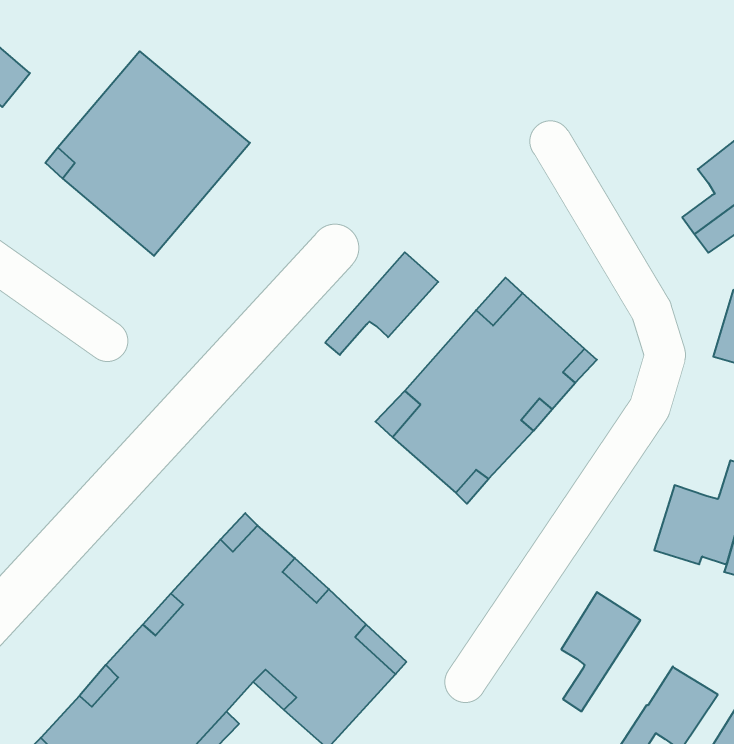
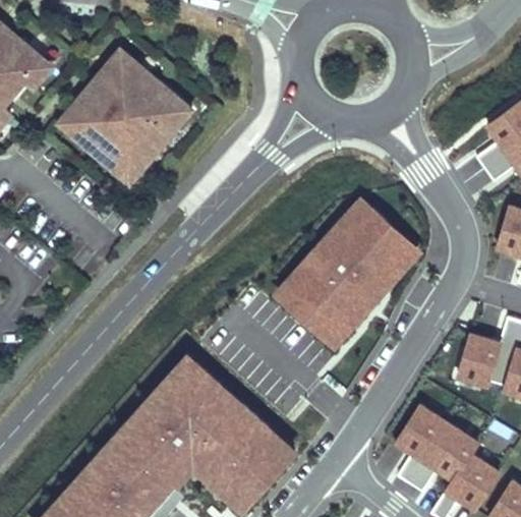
building: [325,252,438,355] -> none
building: none -> [410,423,478,492]

